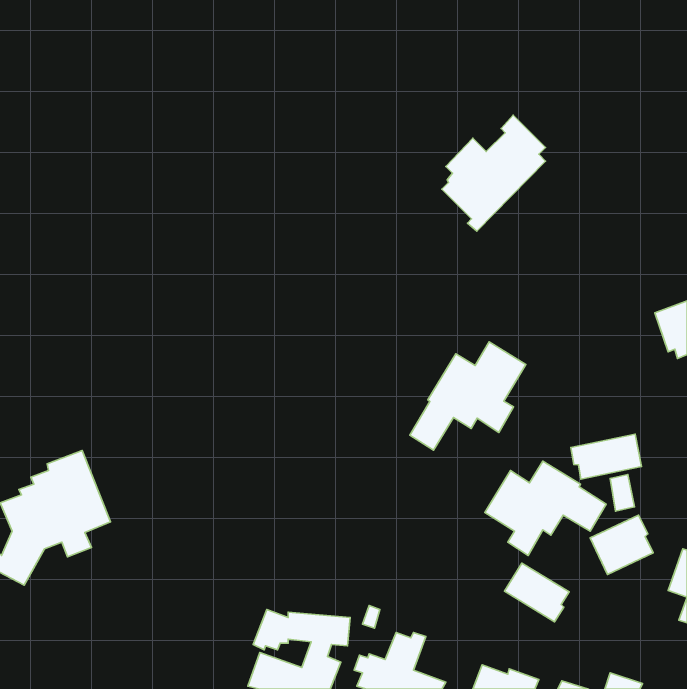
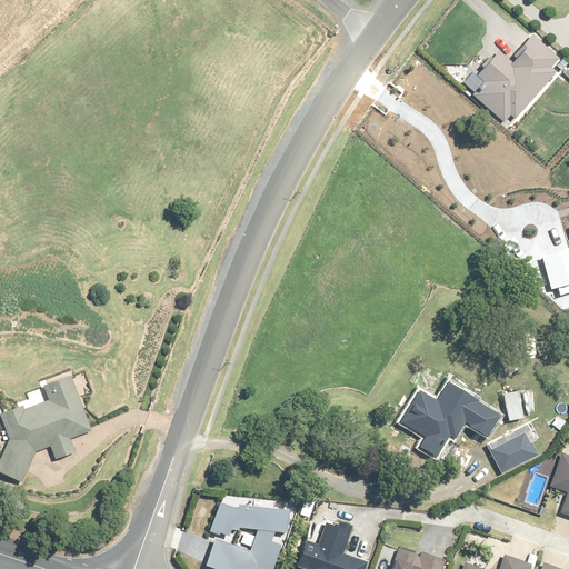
building: [442,115,546,231] -> [475,34,560,130]
building: [410,342,526,450] -> none
building: [571,434,642,479] -> none
building: [504,563,569,622] -> none

